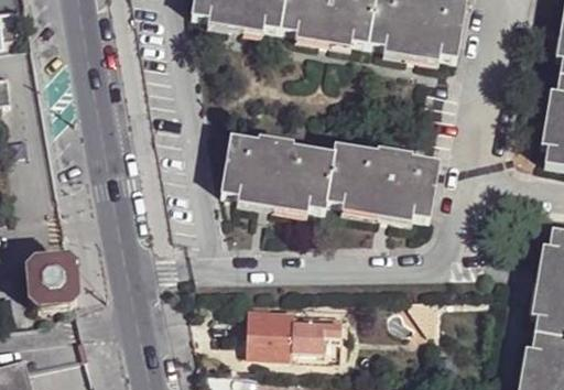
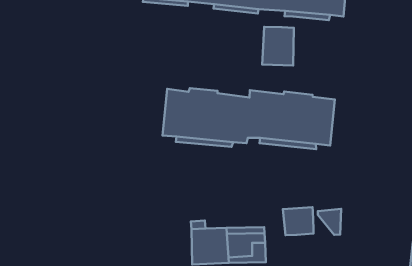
building: none -> [262,27,294,66]
building: [26,257,78,308] -> none
building: none -> [283,207,314,235]

